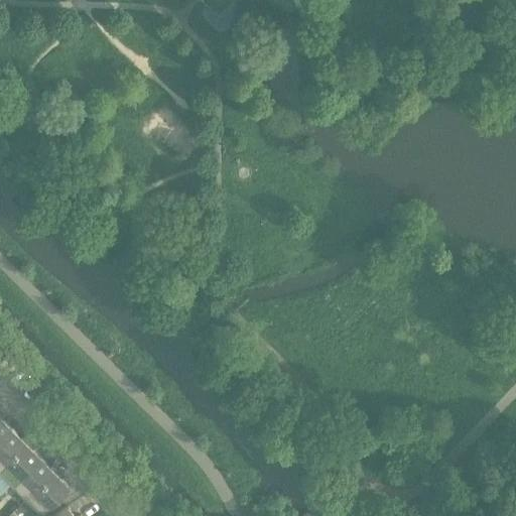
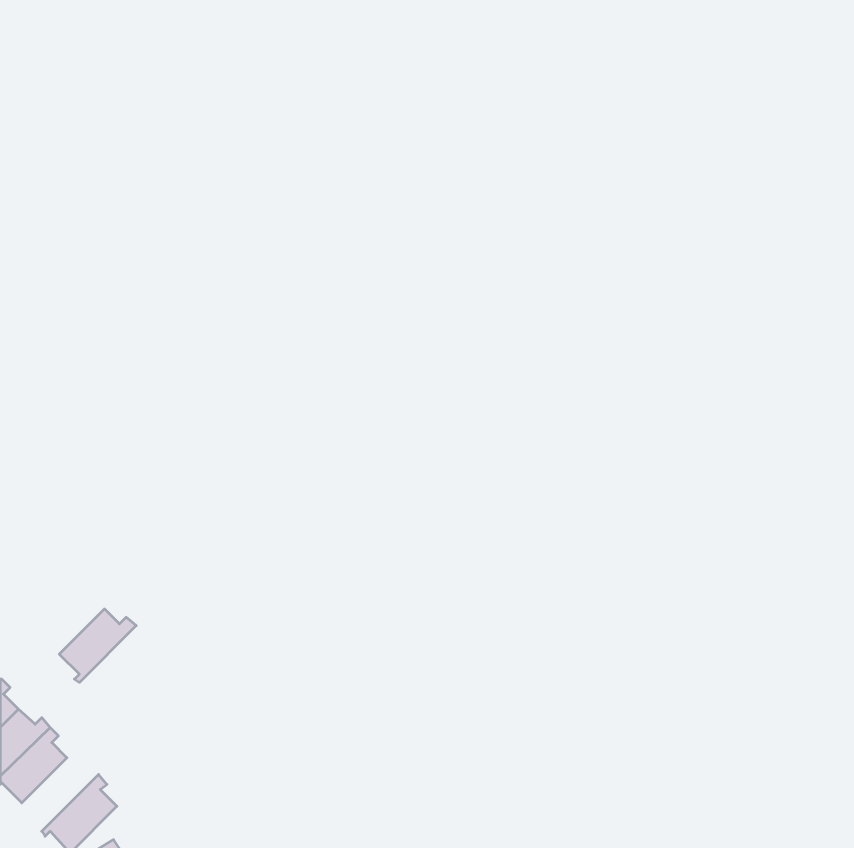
building: [13,461,59,505] -> [59,609,136,682]

